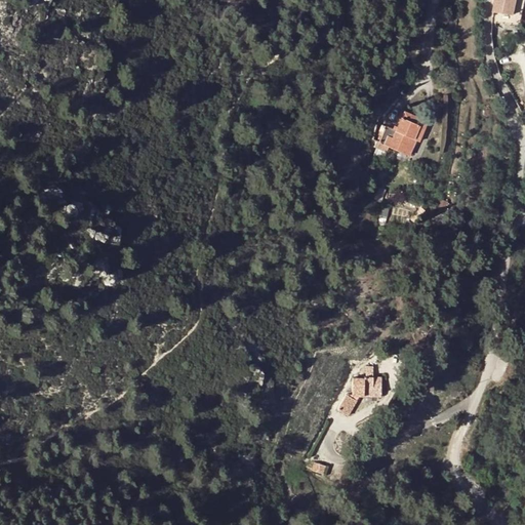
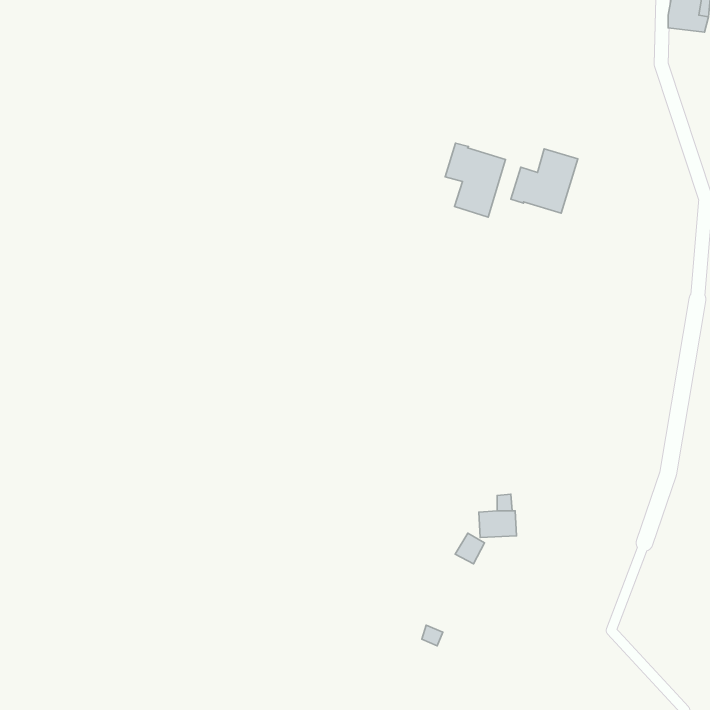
building: none -> [445,143,505,217]

